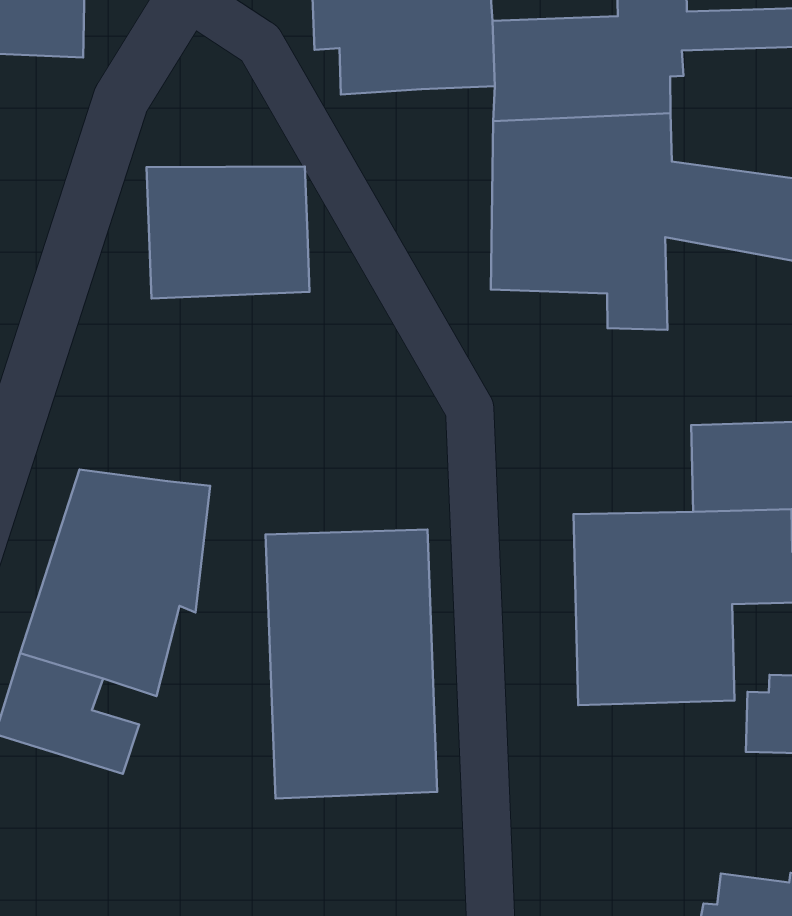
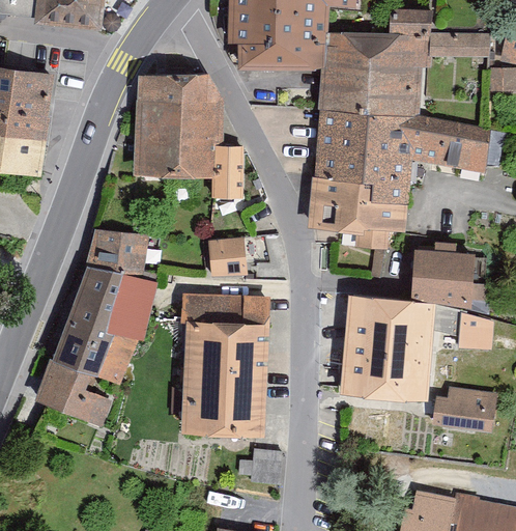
building: none -> [135,72,220,102]
building: none -> [218,138,241,190]
building: none -> [308,174,408,247]
building: none -> [88,220,143,266]
building: none -> [201,236,247,279]
building: none -> [251,443,282,477]

